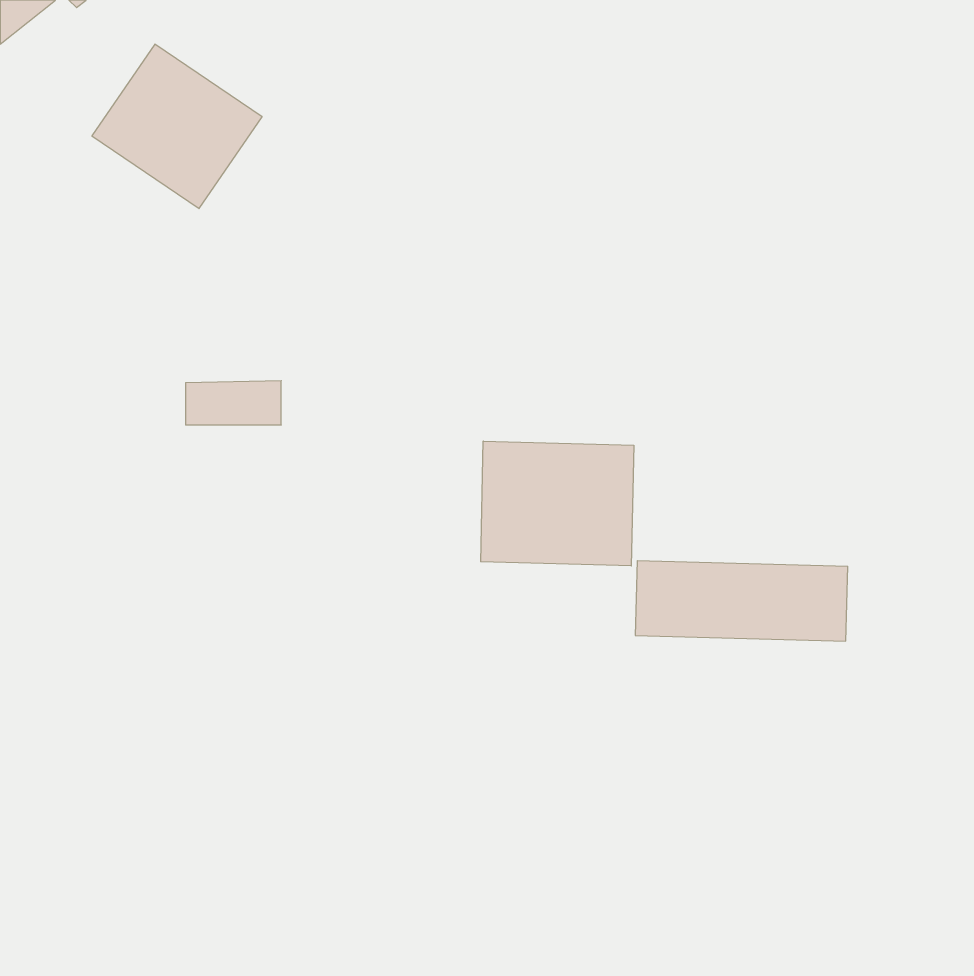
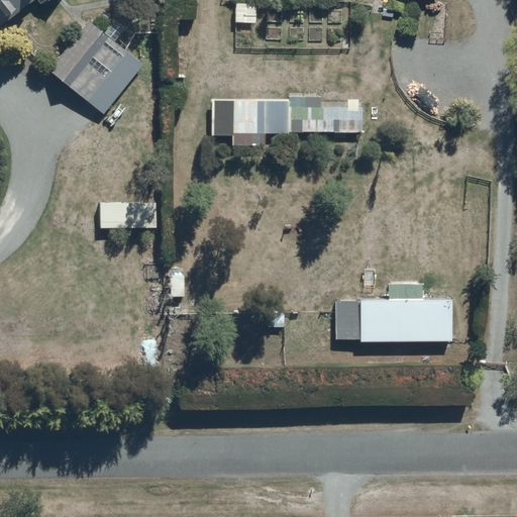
building: none -> [231,99,357,139]
building: [481,441,634,566] -> none

